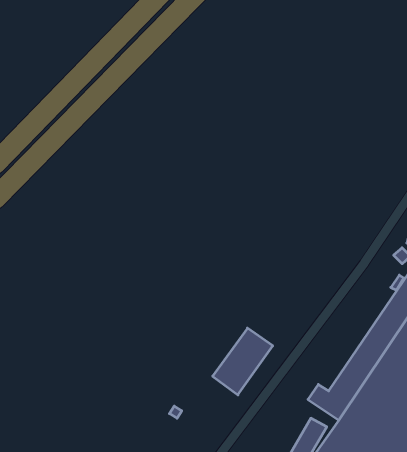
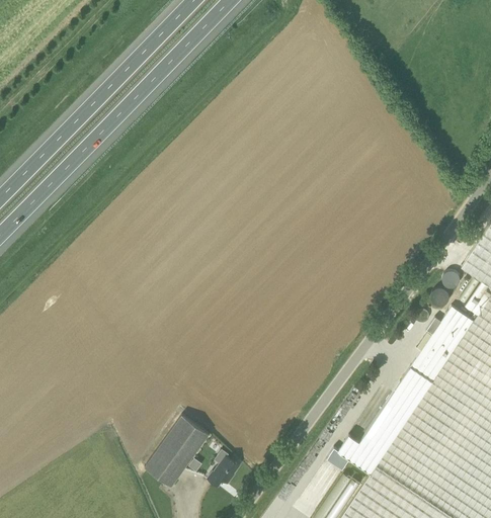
building: [213,328,273,395] -> [145,416,210,488]
building: none -> [209,450,240,488]

